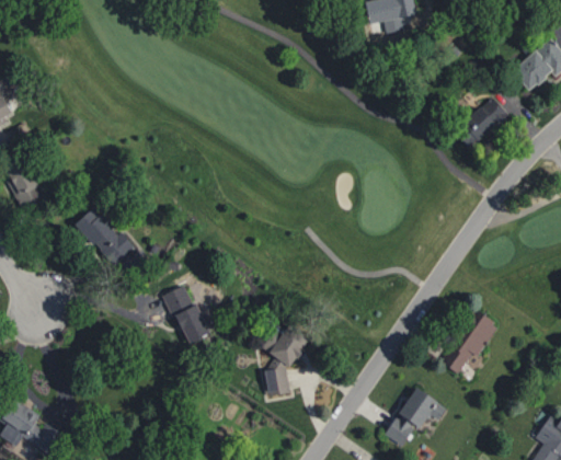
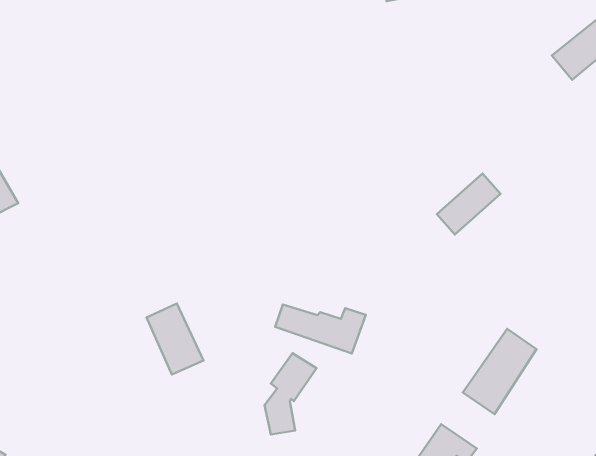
building: [454,97,508,150] -> [437,174,500,235]
building: [75,206,135,266] -> none
building: none -> [275,305,366,353]

